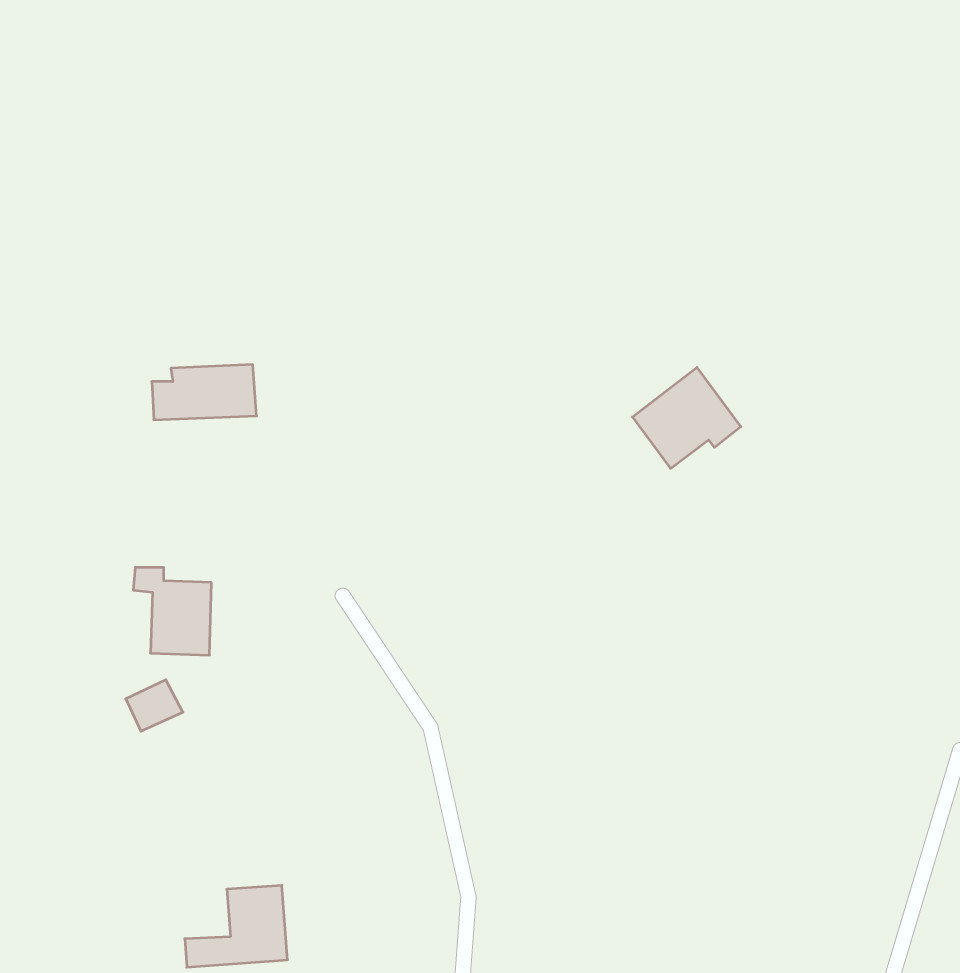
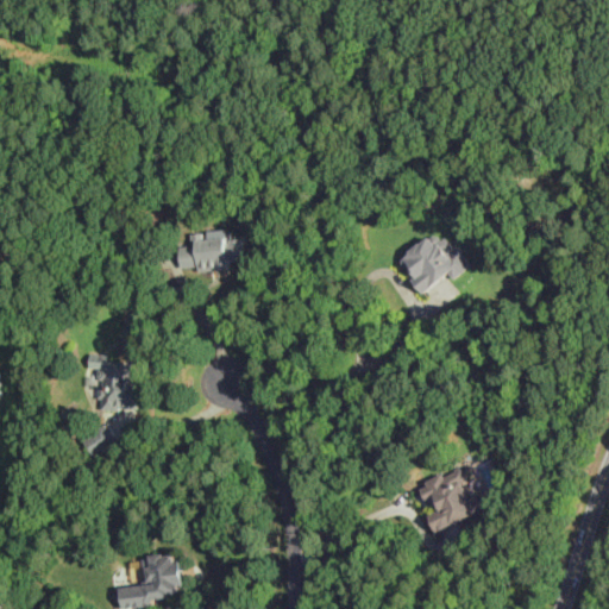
building: [152,365,257,420] -> [174,236,239,270]
building: none -> [414,466,475,529]

